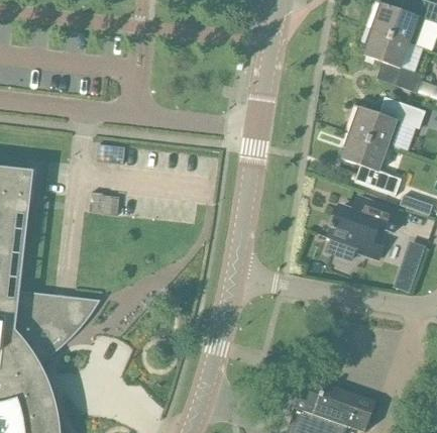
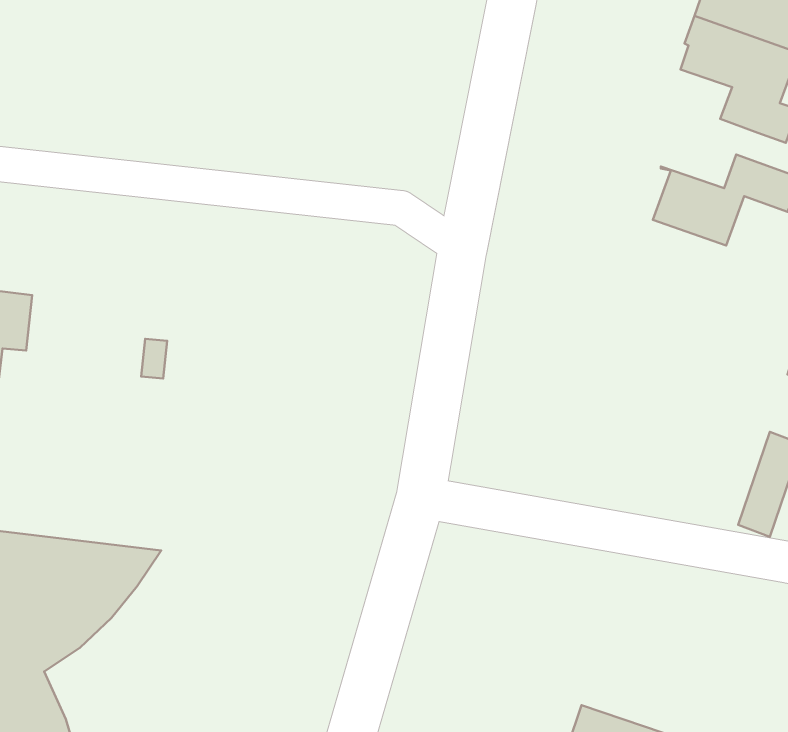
building: [342,131,401,196] -> none
building: [324,199,401,261] -> none

